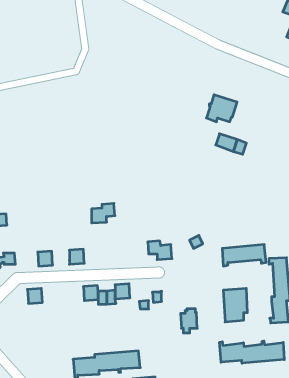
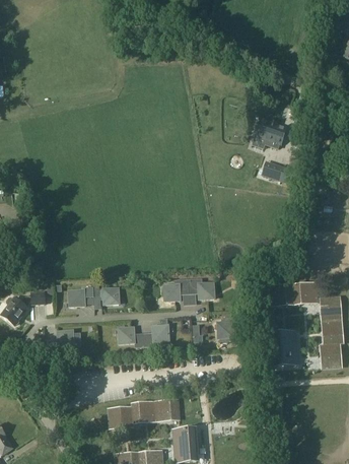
building: [92,203,115,223] -> [164,279,190,301]
building: [181,309,197,333] -> [217,316,235,342]
building: [220,341,284,363] -> none

